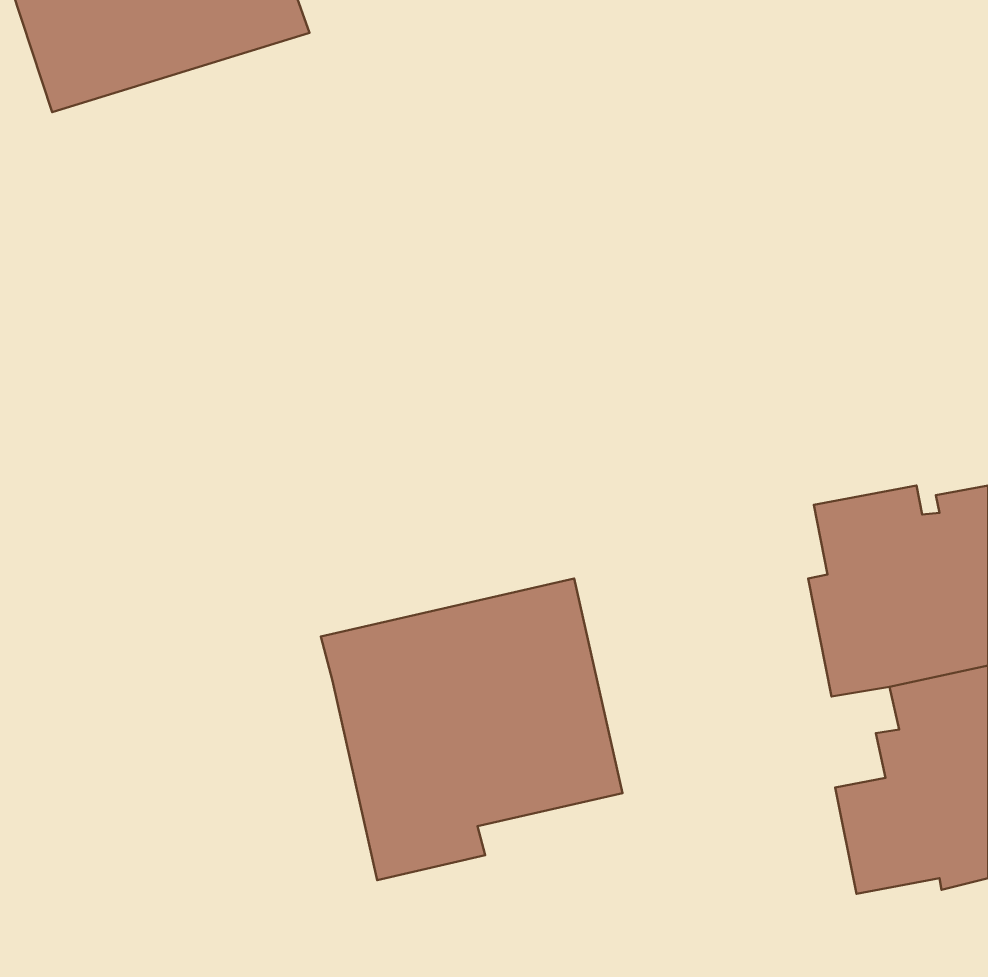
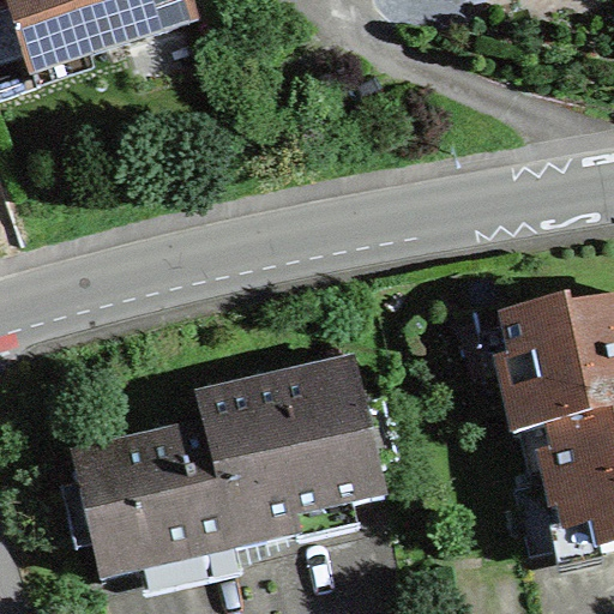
building: none -> [76,422,234,576]

